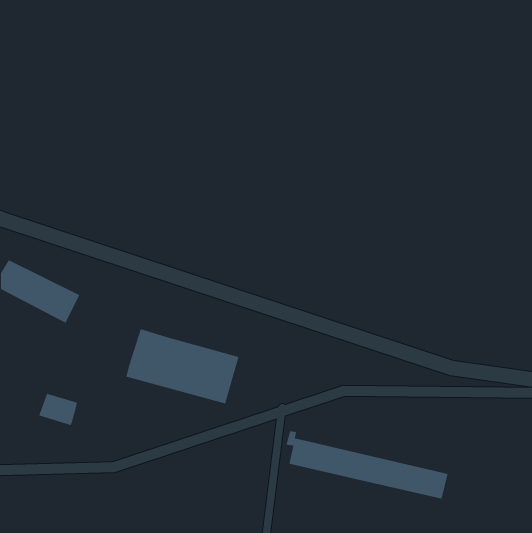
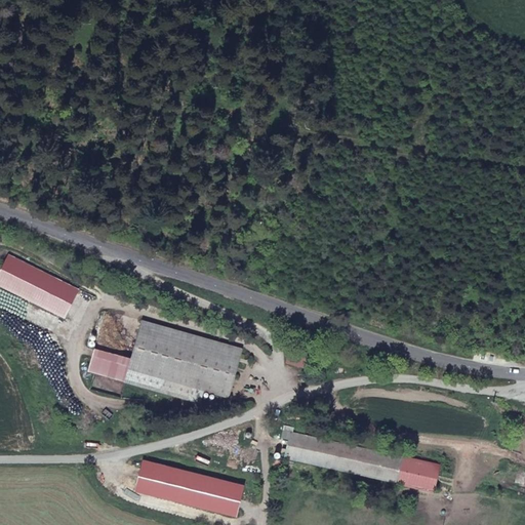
building: [38,393,78,426] -> [89,350,128,382]
building: none -> [131,456,246,518]

